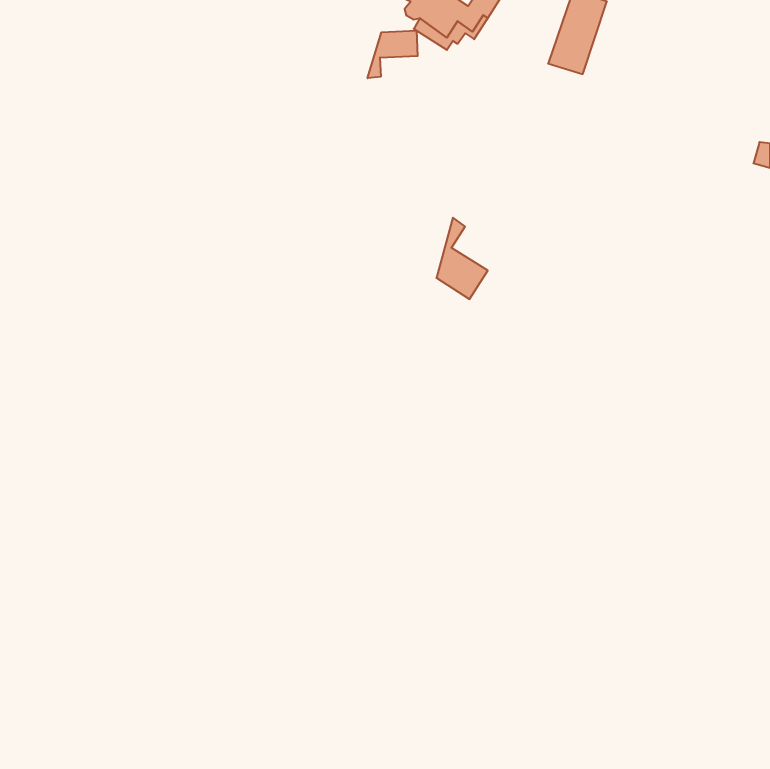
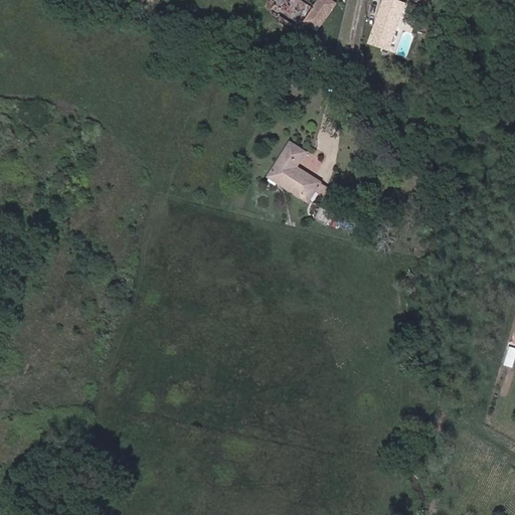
building: [368,30,418,78] -> none
building: none -> [274,141,302,185]

